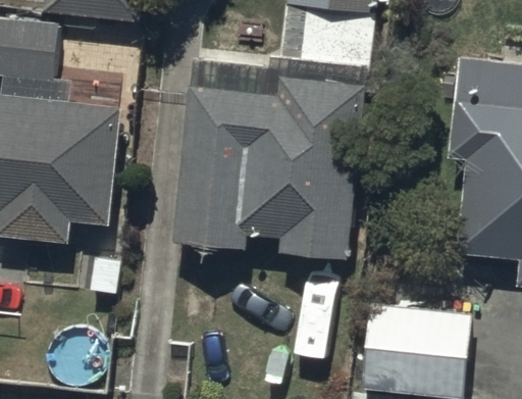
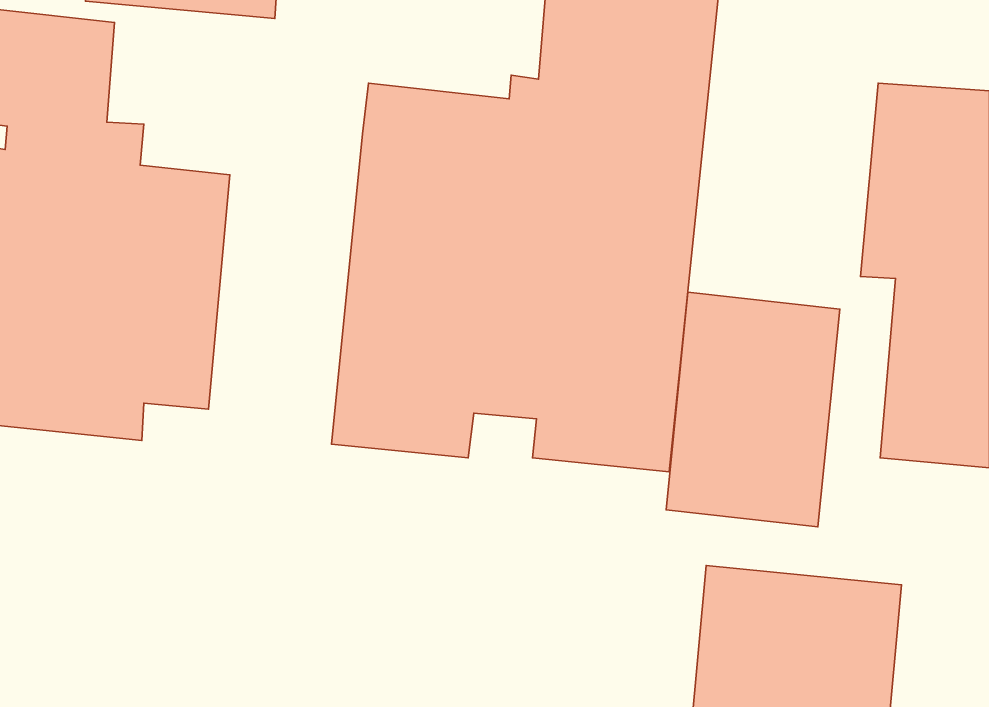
building: none -> [666,292,840,527]

